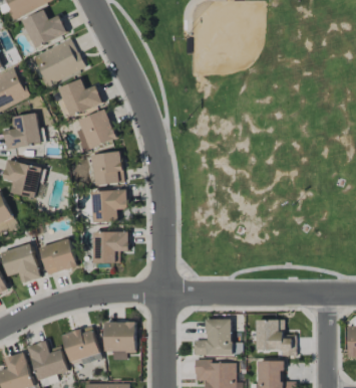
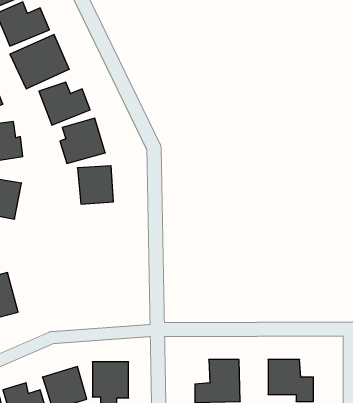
building: [91,190,127,222] -> none
building: [92,231,128,263] -> none
building: [39,238,76,275] -> none

